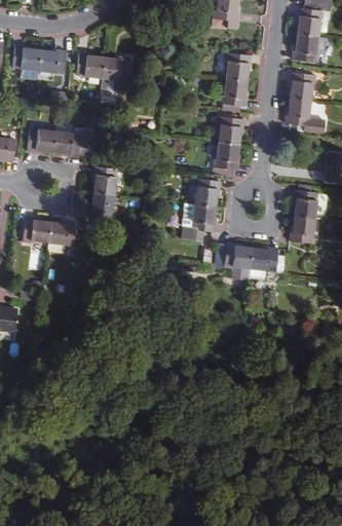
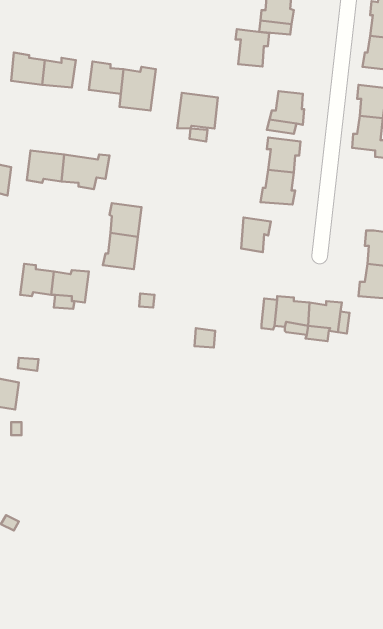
building: [224,50,251,80] -> [236,29,269,67]
building: none -> [177,93,218,129]
building: [179,202,215,241] -> none

